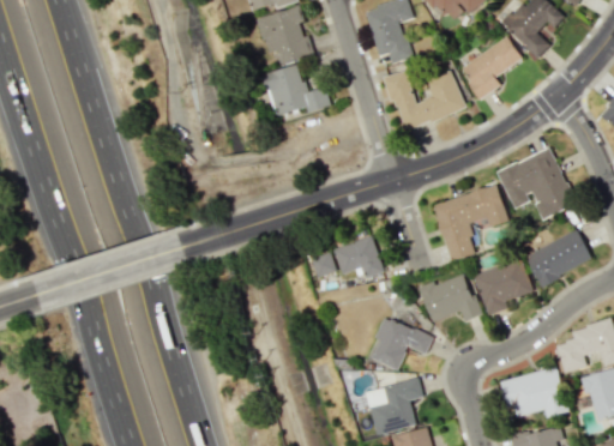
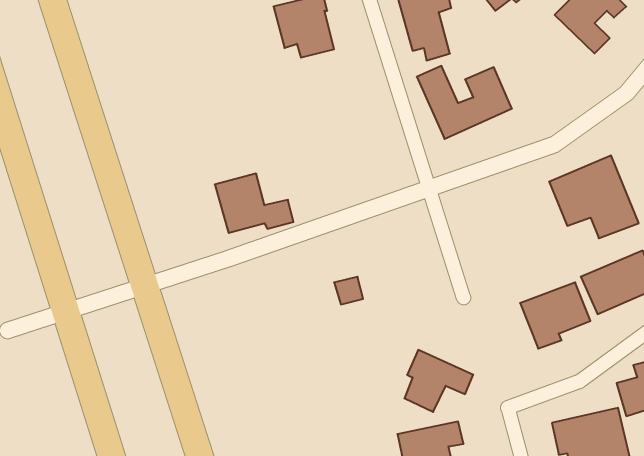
building: [459,37,523,100] -> none
building: [263,65,331,116] -> [215,174,293,233]
building: [433,185,508,261] -> none
building: [333,236,385,278] -> none
building: [420,273,480,321] -> none

